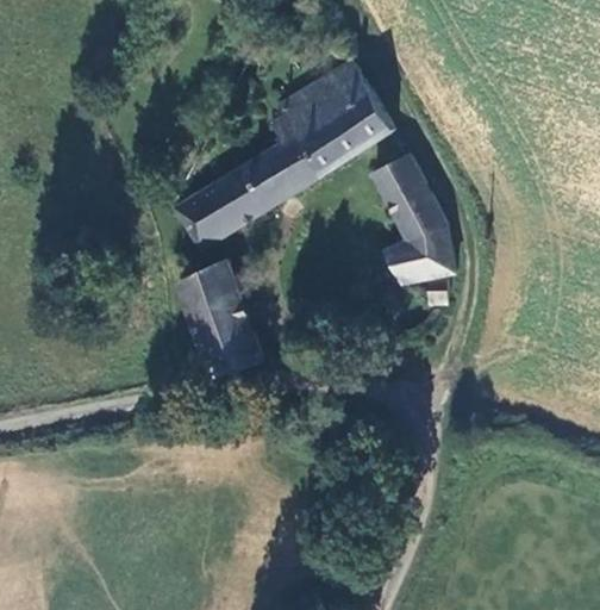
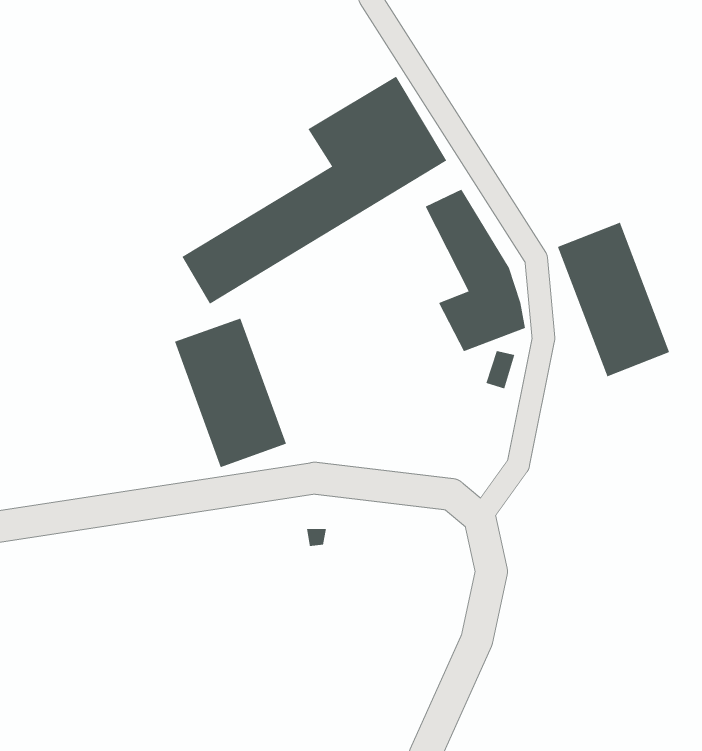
building: none -> [557,222,670,377]

